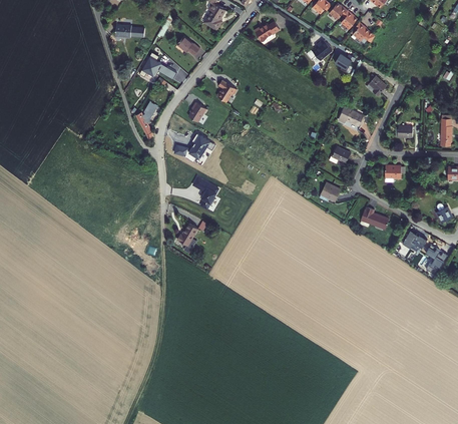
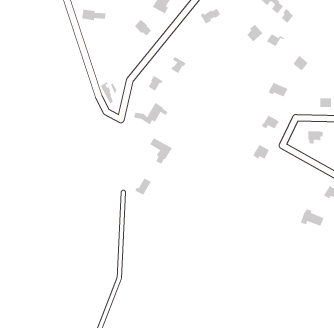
building: [141,51,178,77] -> none
building: [359,207,388,230] -> [300,208,324,227]

